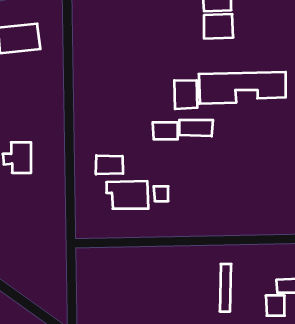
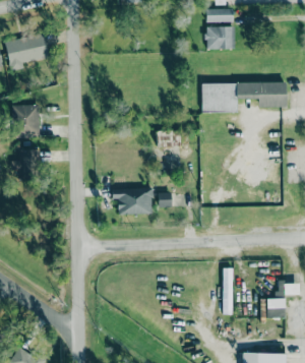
building: [174,80,197,109] -> none
building: none -> [14,104,40,137]
building: [179,120,213,136] -> none
building: [96,155,123,174] -> none

